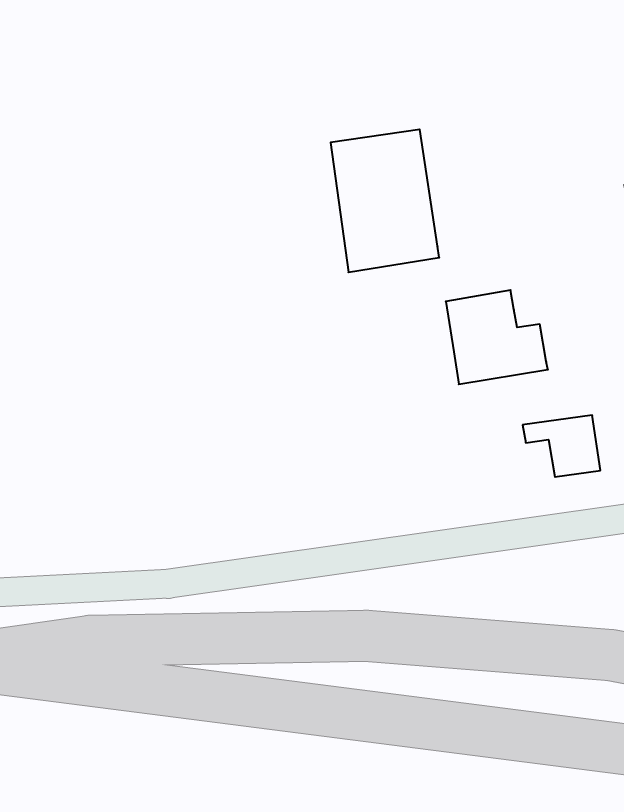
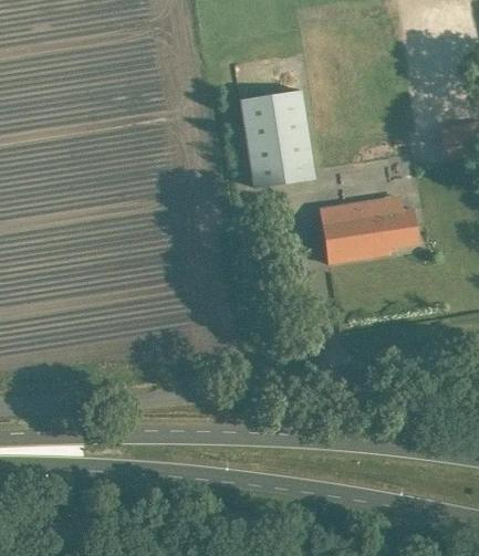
building: [523,415,600,477] -> [366,206,419,248]

